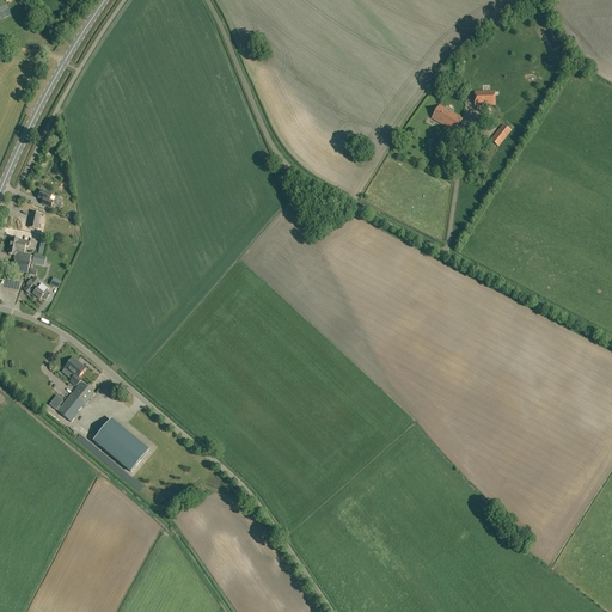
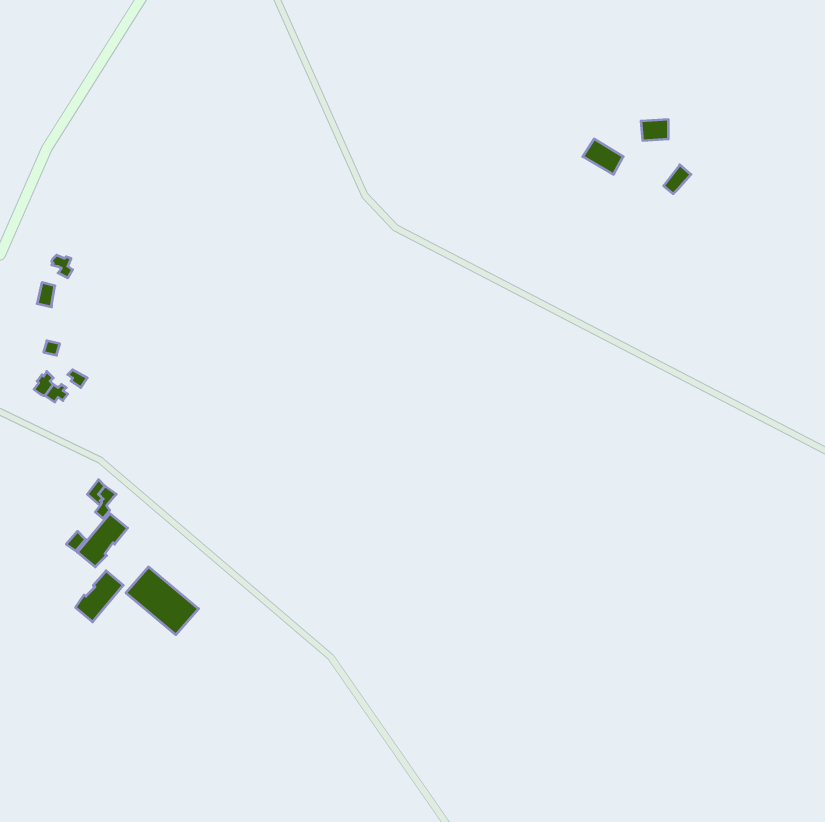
building: [8,235,31,270] -> none
building: none -> [76,571,123,622]

